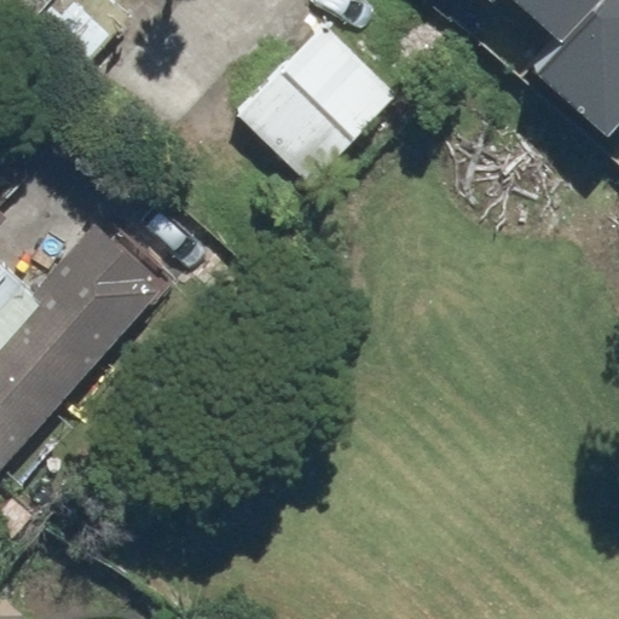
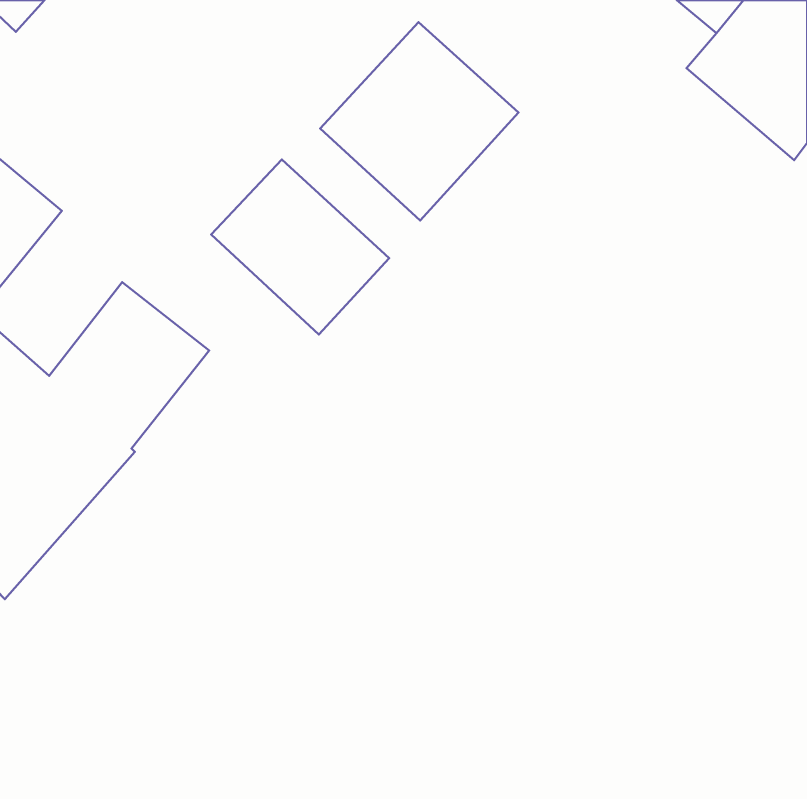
building: none -> [211,159,389,335]

